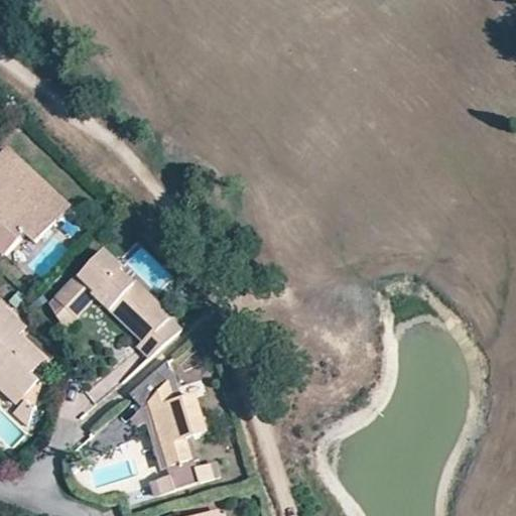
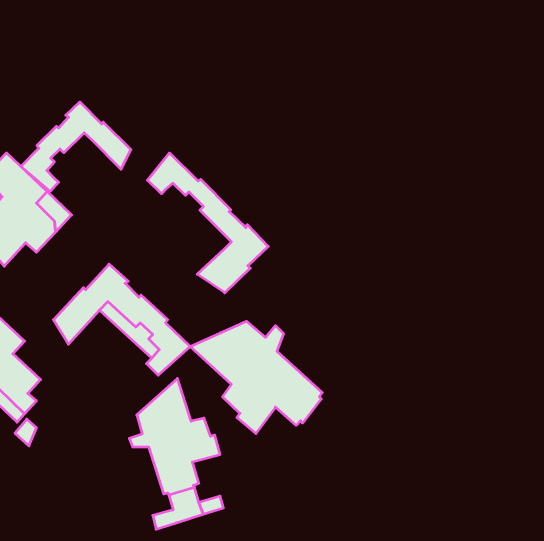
building: none -> [21,102,131,191]
building: none -> [147,153,268,293]
building: none -> [190,321,322,434]

